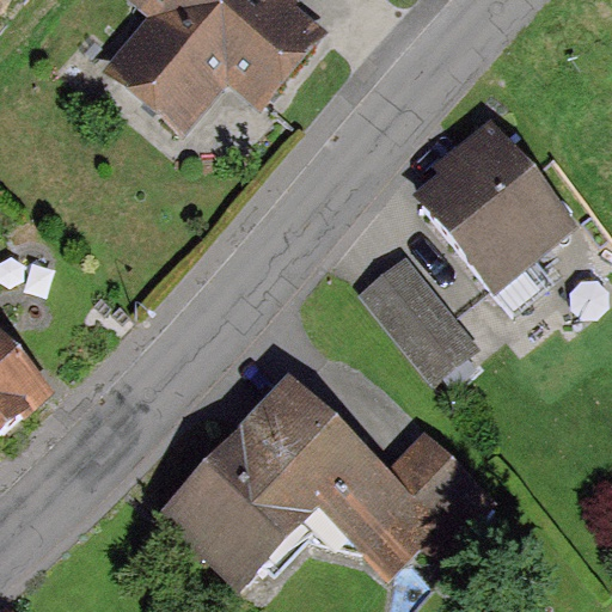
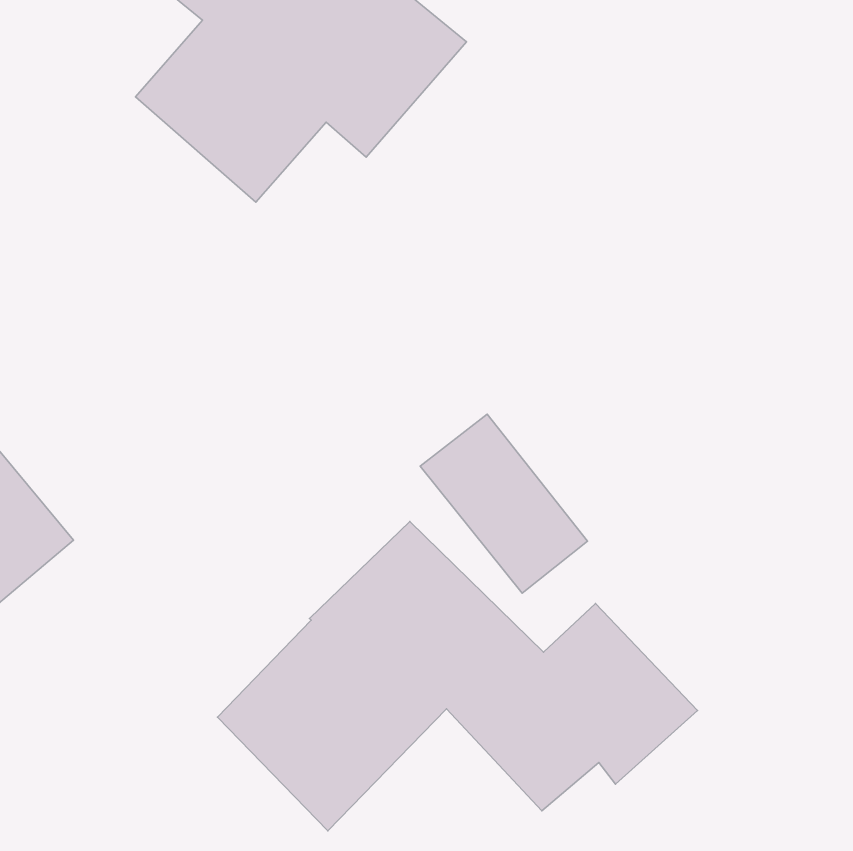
building: [412,114,575,289] -> none
building: [356,256,476,384] -> [420,414,587,593]

